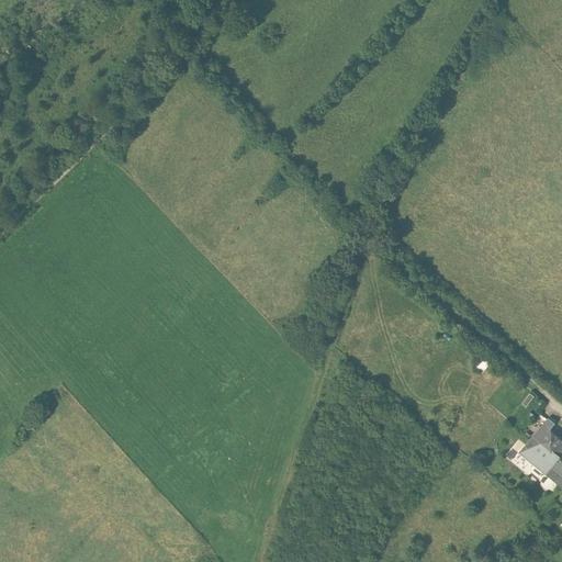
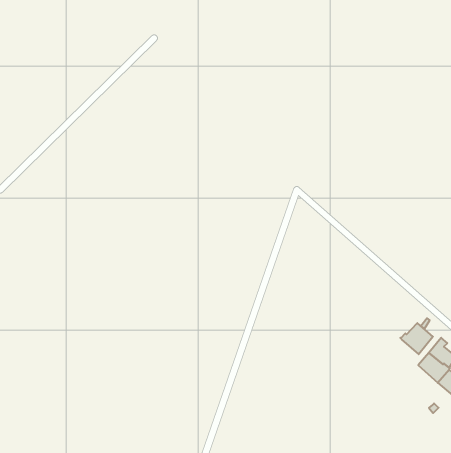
building: none -> [400,323,433,354]

